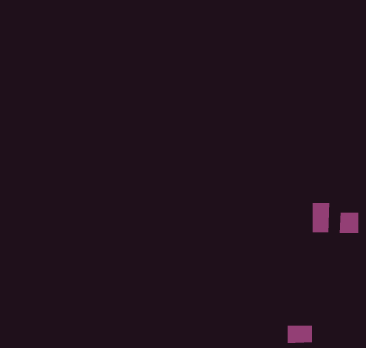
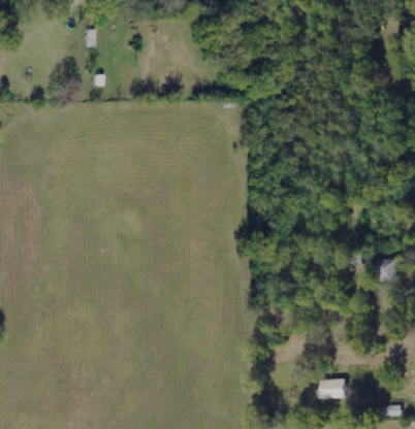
building: [312,202,330,233] -> none

